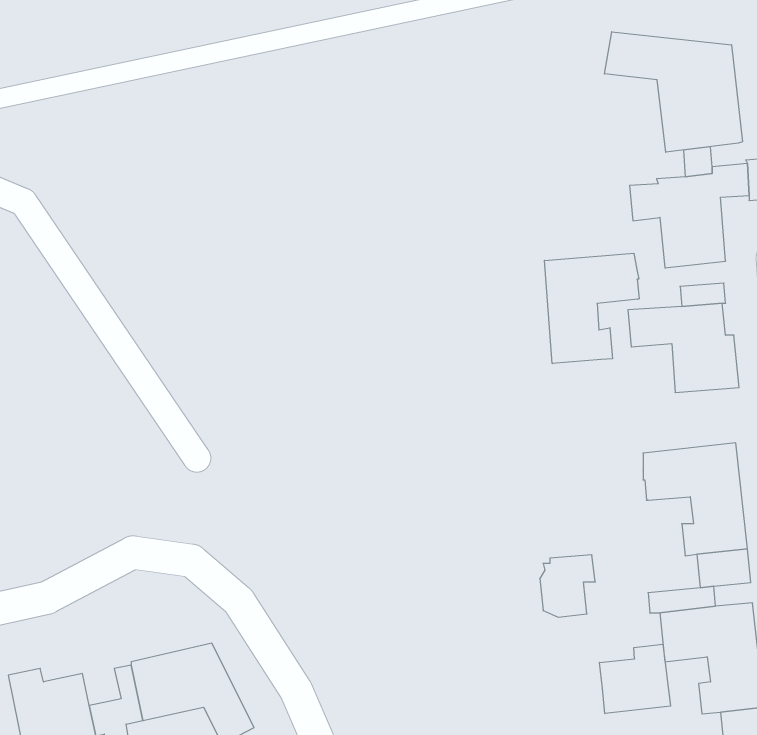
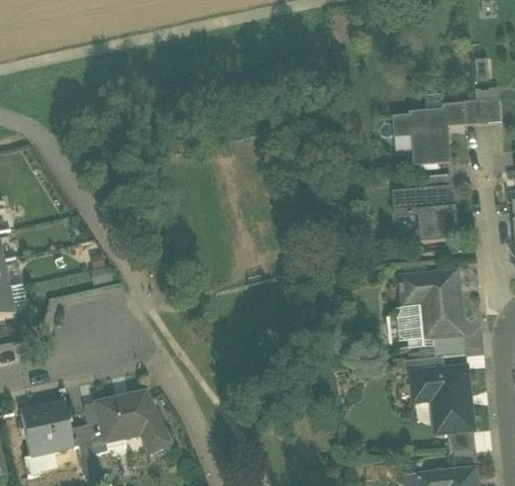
building: [604,32,742,152] -> none
building: [544,253,639,364] -> none
building: [540,555,595,617] -> [398,303,431,341]
building: [600,644,670,714] -> none

